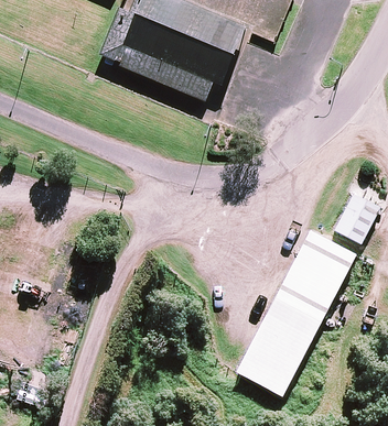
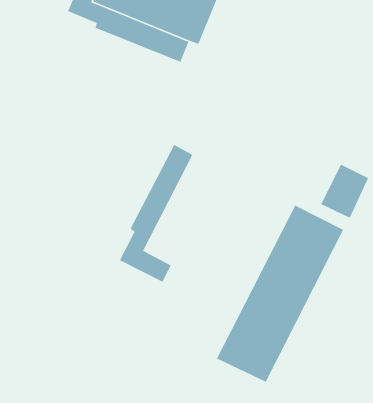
building: none -> [119,144,194,283]

